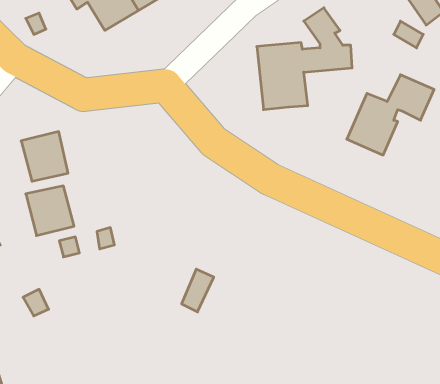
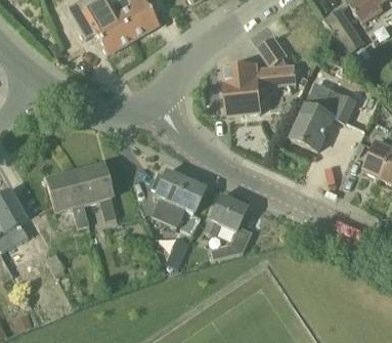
building: [21,132,68,181] -> [75,166,111,204]
building: none -> [150,172,203,226]
building: none -> [204,197,252,259]

